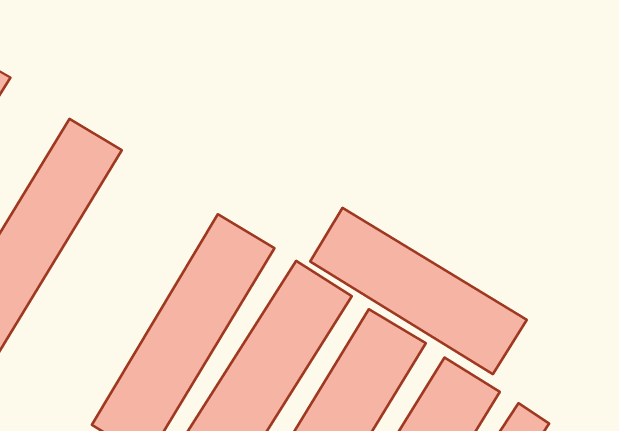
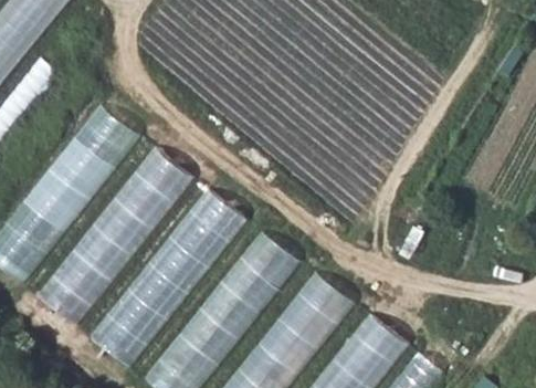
building: none -> [39,146,189,325]
building: [310,208,527,374] -> none

